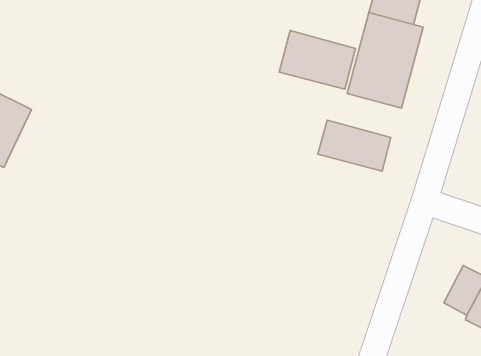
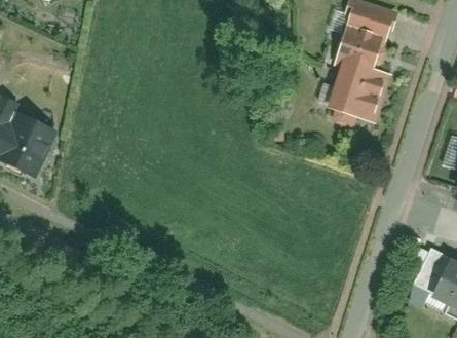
building: [279,31,355,89] -> none
building: [318,120,391,171] -> none

